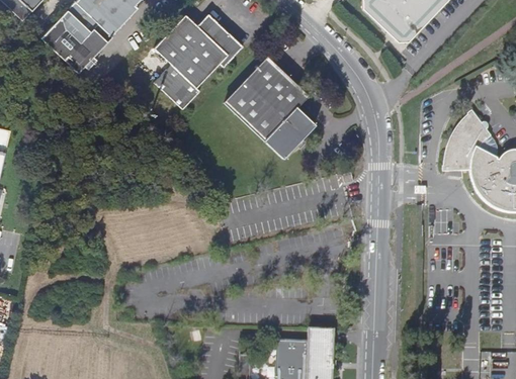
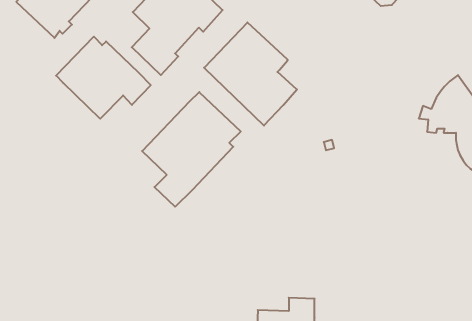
building: none -> [56,37,151,119]
building: none -> [142,92,241,207]

